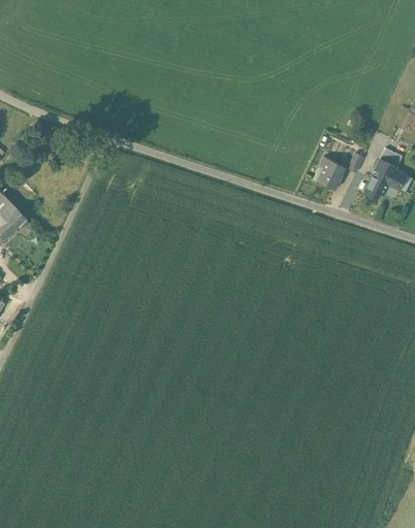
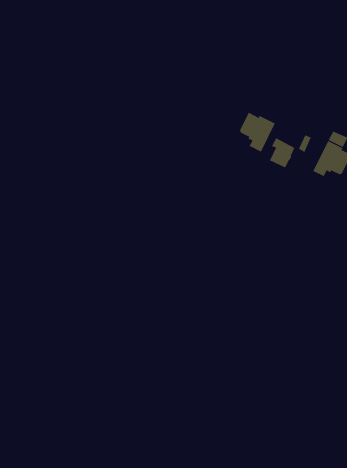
building: none -> [239,112,276,152]

